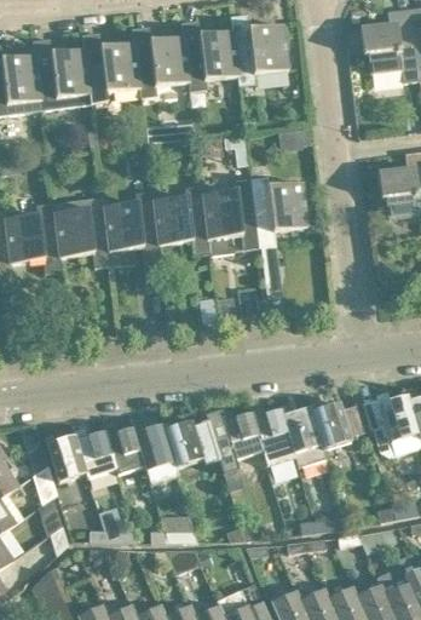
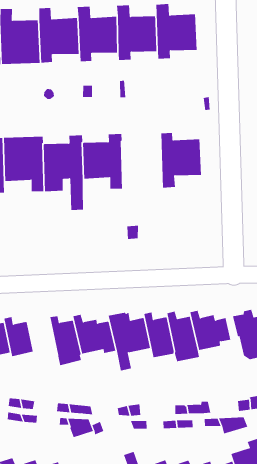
building: [203,179,260,256] -> none
building: [103,424,146,475] -> none

